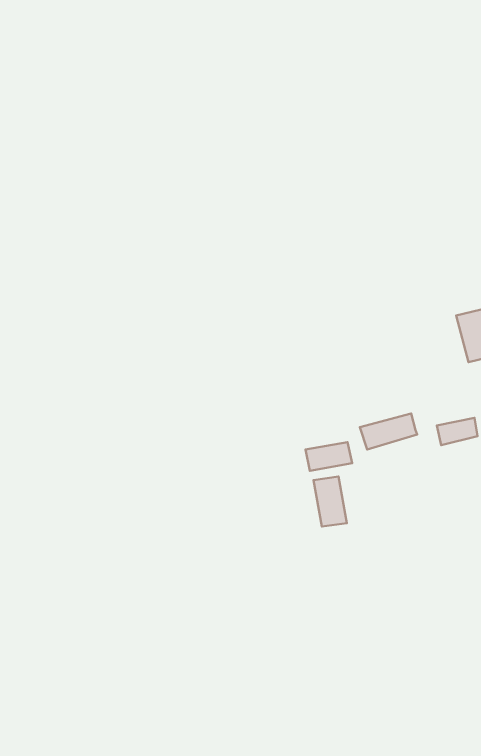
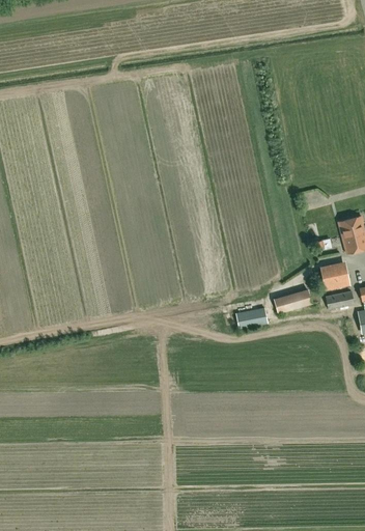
building: none -> [318,260,348,290]
building: [314,476,347,527] -> none

